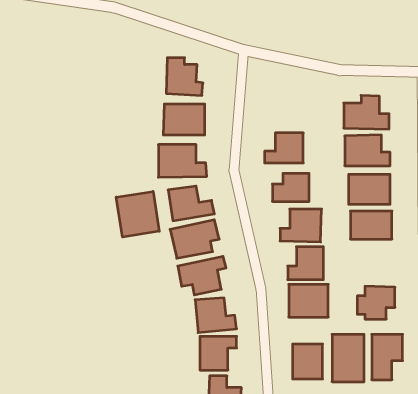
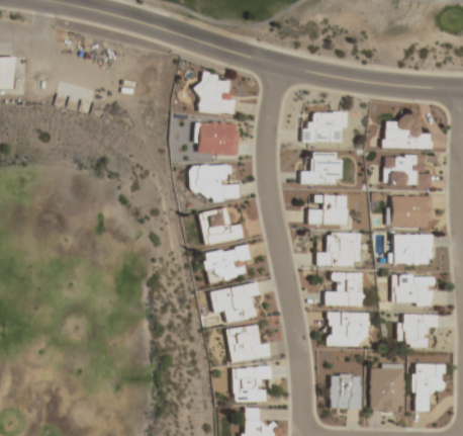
building: none -> [302,110,347,141]
building: [116,191,159,237] -> none
building: none -> [394,274,434,304]

